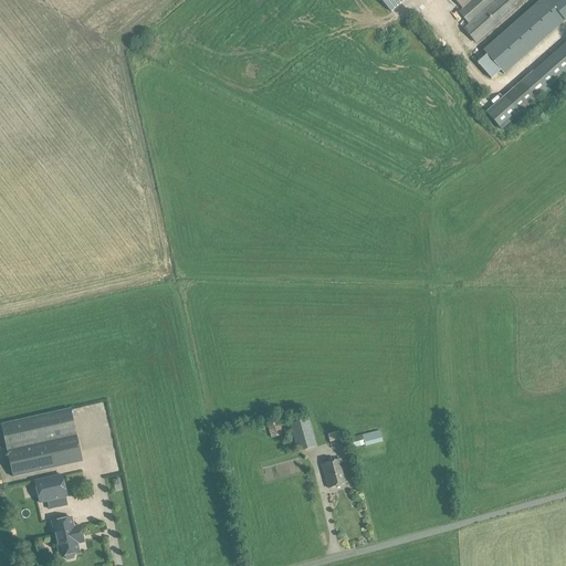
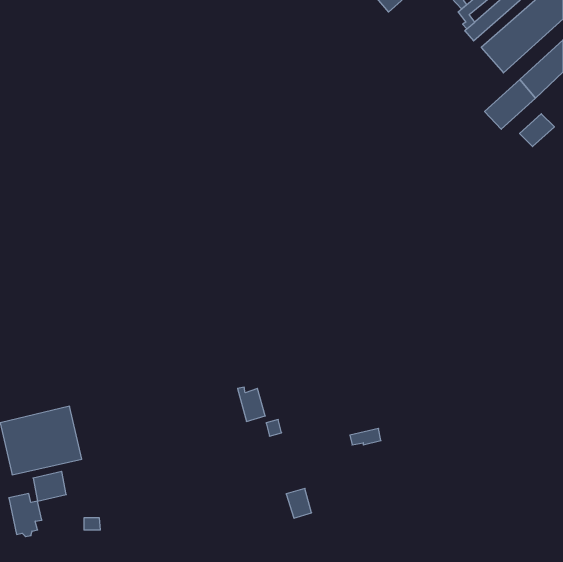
building: none -> [520,114,554,147]
building: [287,416,315,450] -> [238,387,265,421]
building: [321,457,346,486] -> [286,488,312,518]
building: [51,515,84,558] -> [9,494,42,537]

